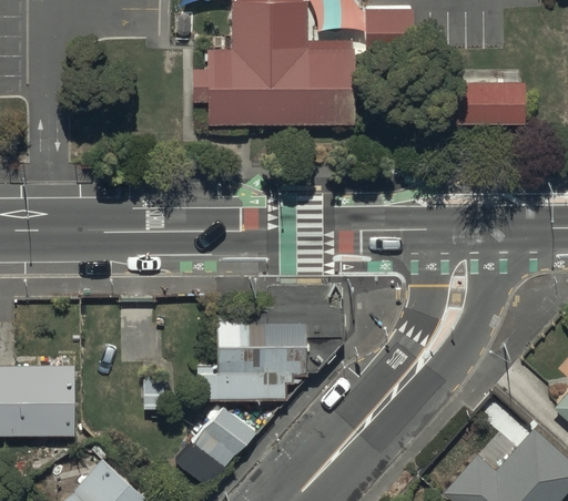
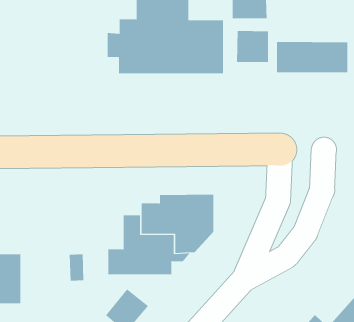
building: none -> [237,30,268,63]

